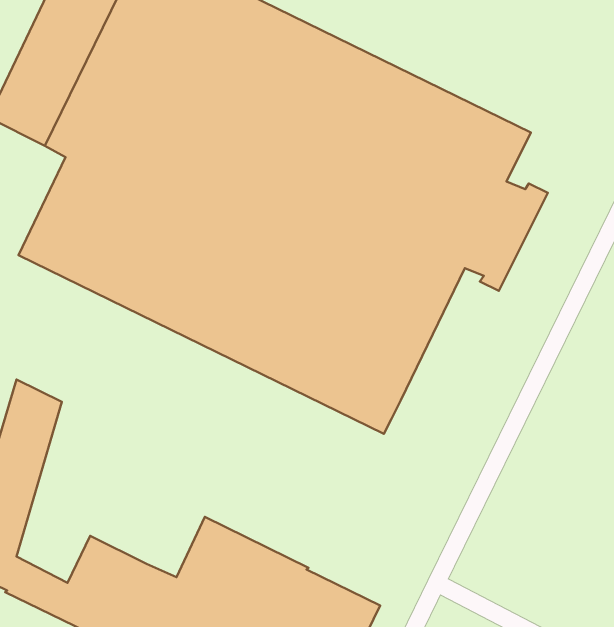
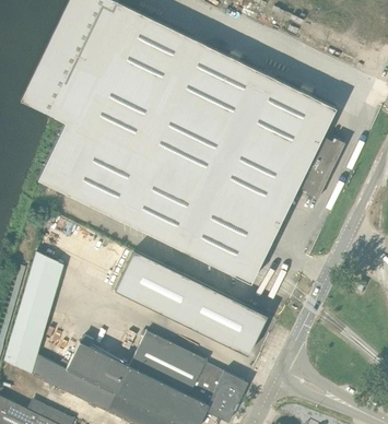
building: none -> [115,250,268,355]

